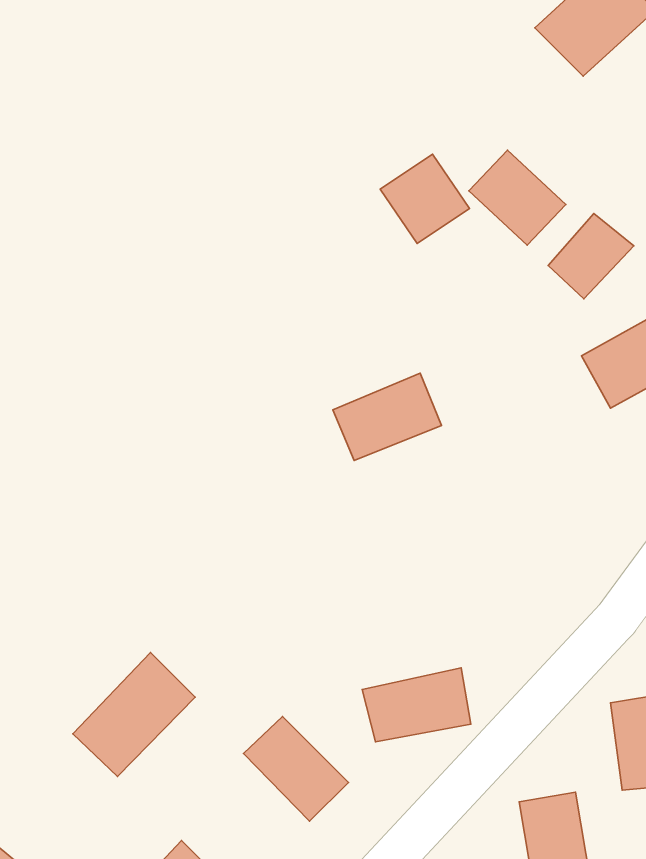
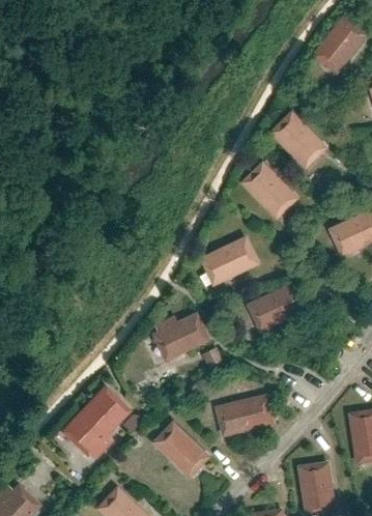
building: [380,154,469,243] -> [241,167,289,214]
building: [548,213,634,299] -> none
building: none -> [255,282,306,327]
building: none -> [145,310,206,362]

